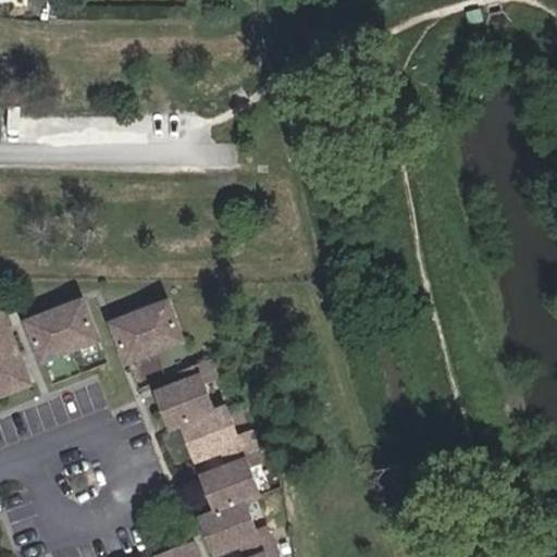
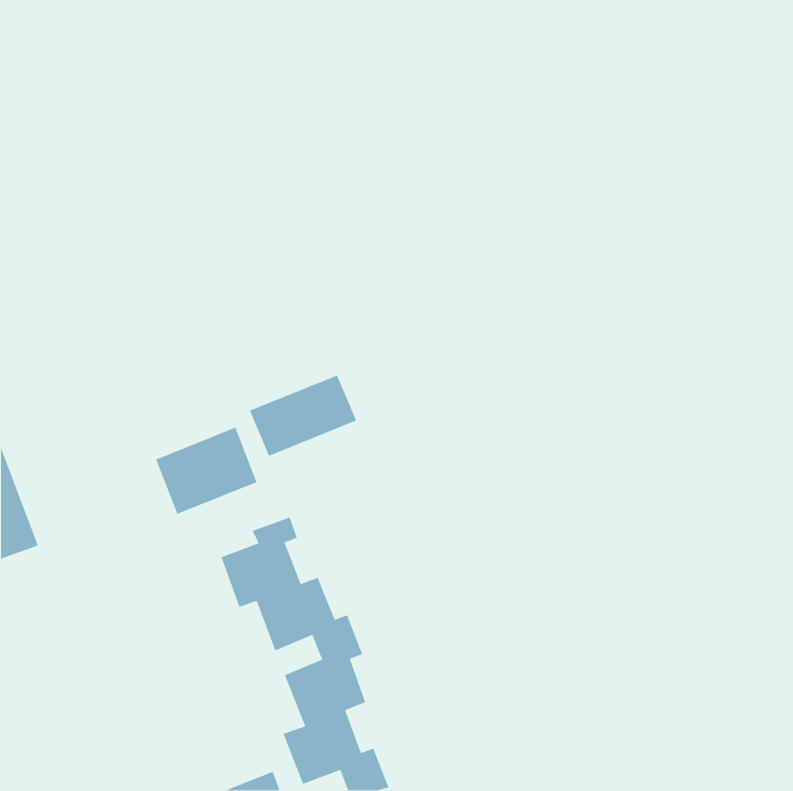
building: none -> [249,375,357,457]
building: [23,298,96,360] -> none

